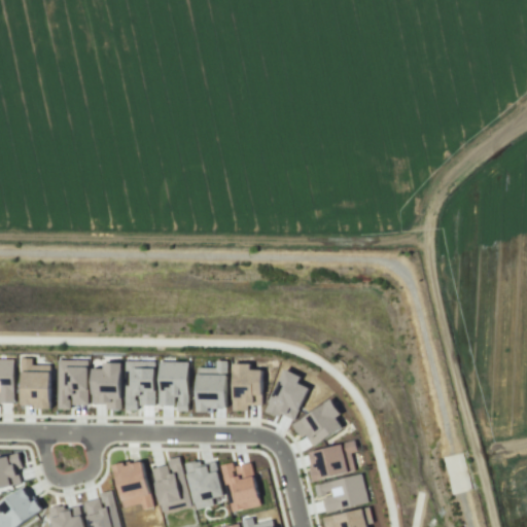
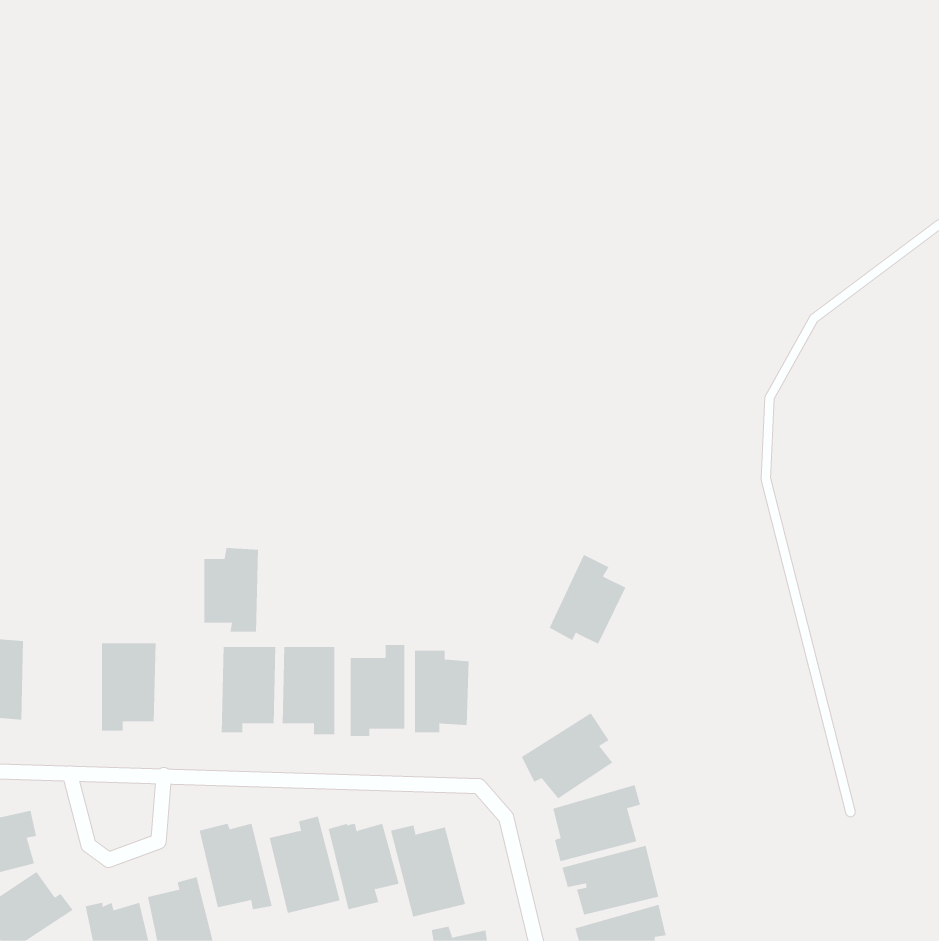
building: [21,358,49,409] -> none
building: [91,361,121,409] -> [204,548,259,632]
building: [265,370,308,420] -> [549,554,626,645]

